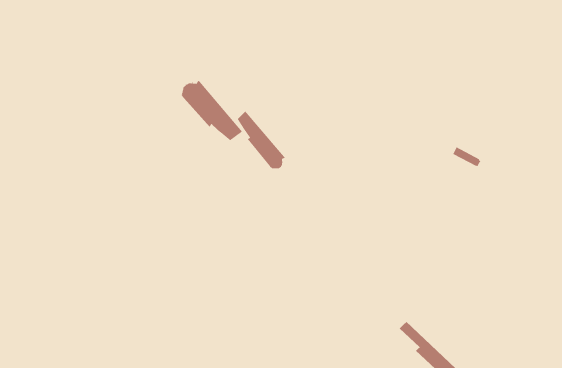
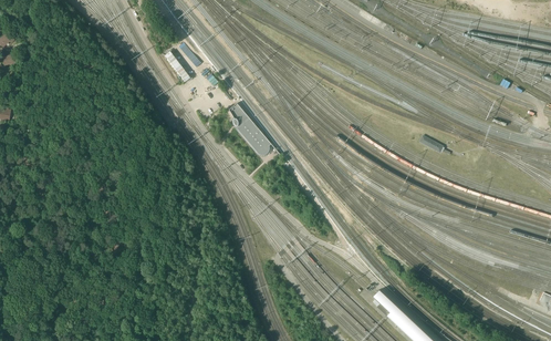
building: [181,66,243,141] -> none

